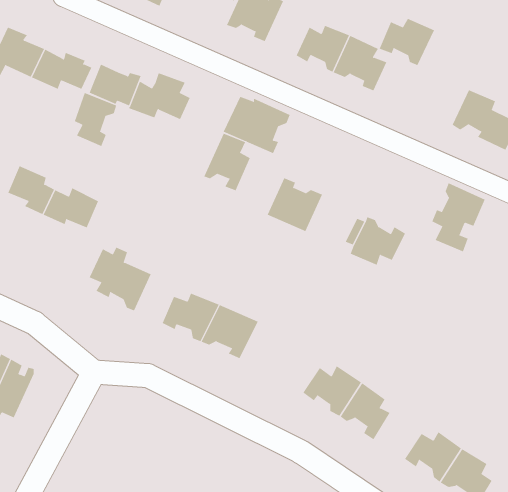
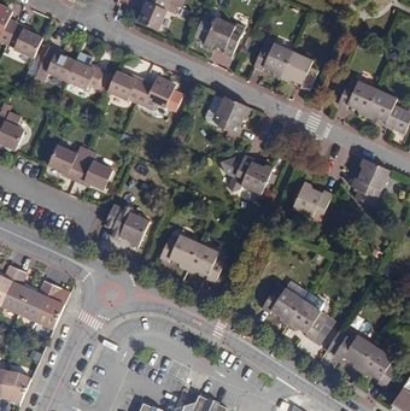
building: [379,18,435,66] -> [338,82,377,116]
building: [74,92,117,147] -> none
building: [203,133,251,191] -> none

